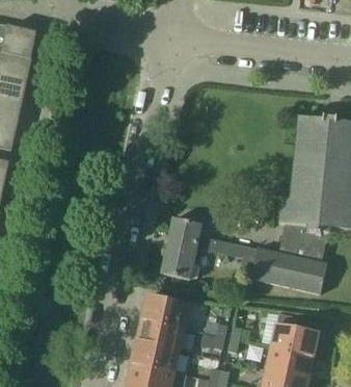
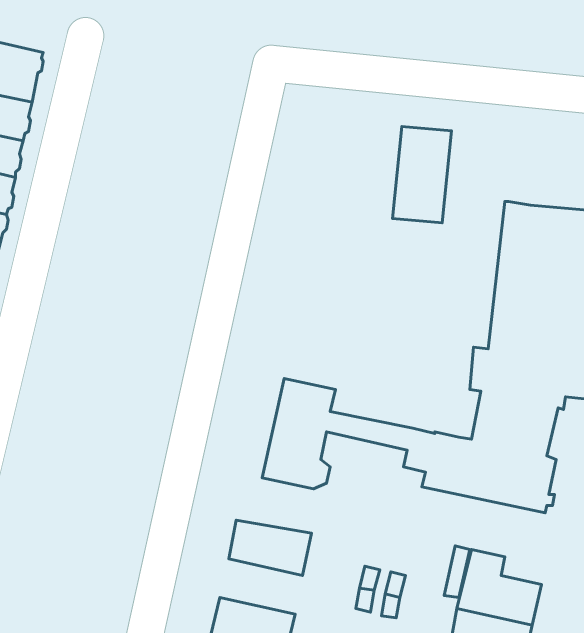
building: none -> [392,127,452,223]
building: [136,317,183,349] -> none

